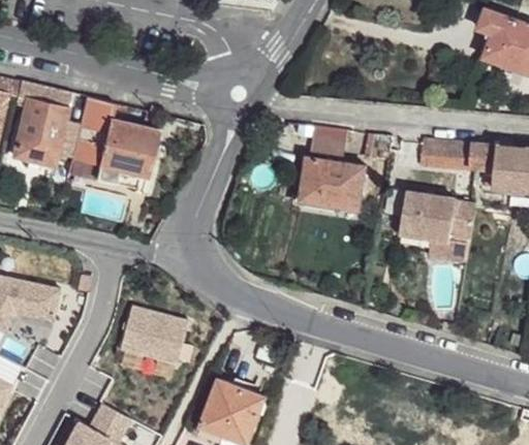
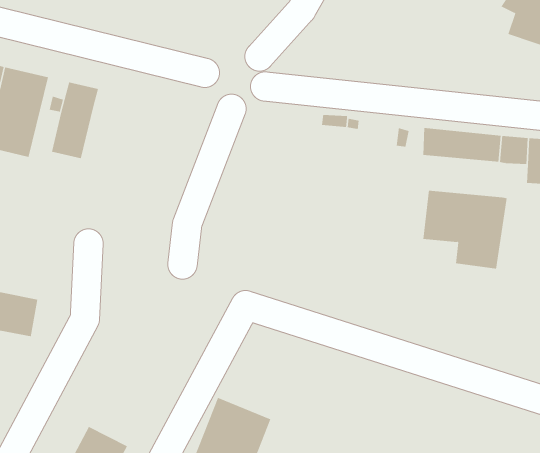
building: [96,119,158,190] -> none
building: [300,158,362,210] -> none
building: [117,294,189,369] -> none

